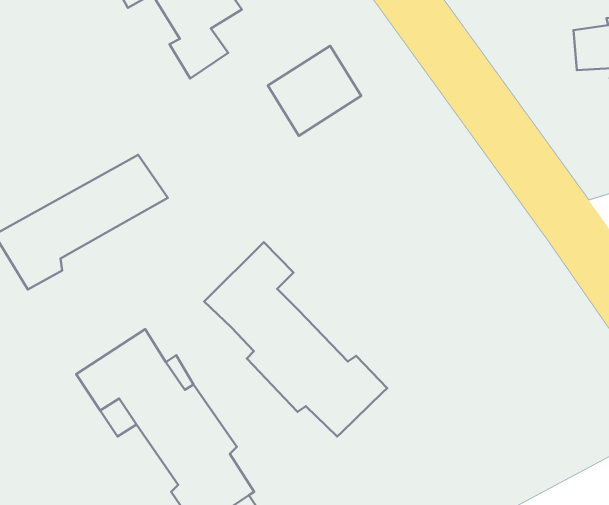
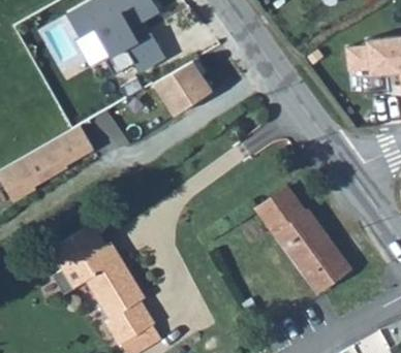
building: [204,242,387,437] -> none
building: none -> [255,189,350,294]

